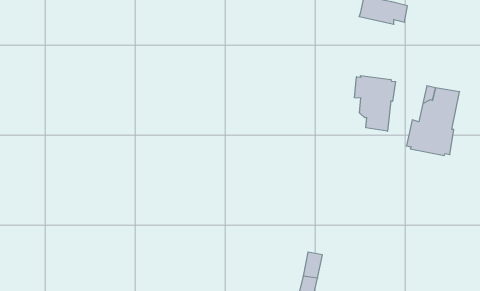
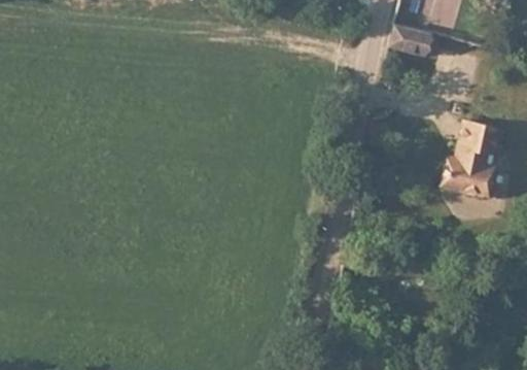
building: [355,76,396,131] -> none

